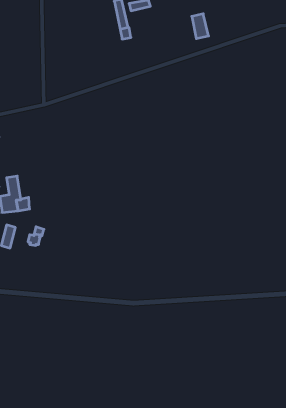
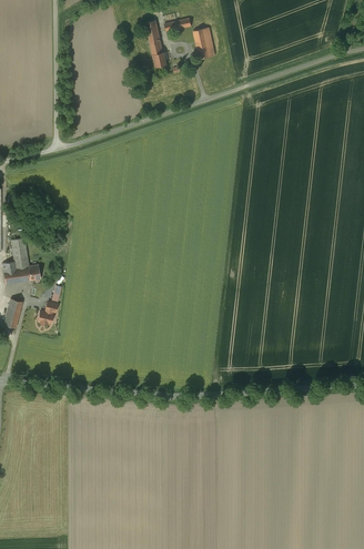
building: [192,14,209,39] -> [194,29,215,60]

